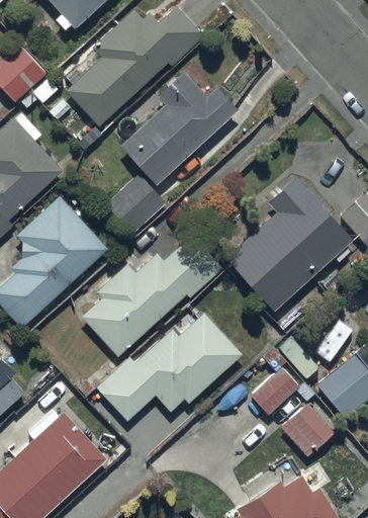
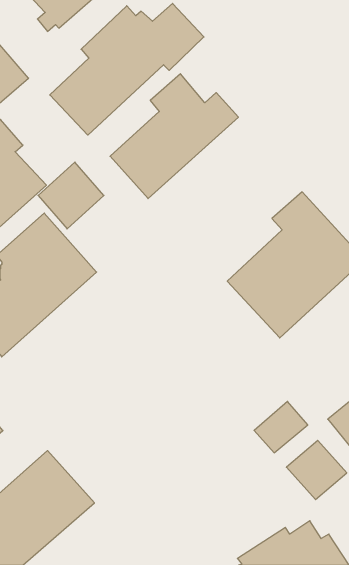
building: [105,174,165,235] -> [38,162,104,229]
building: [82,236,222,358] -> none
building: [96,314,242,422] -> none

